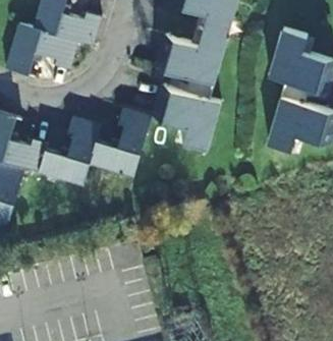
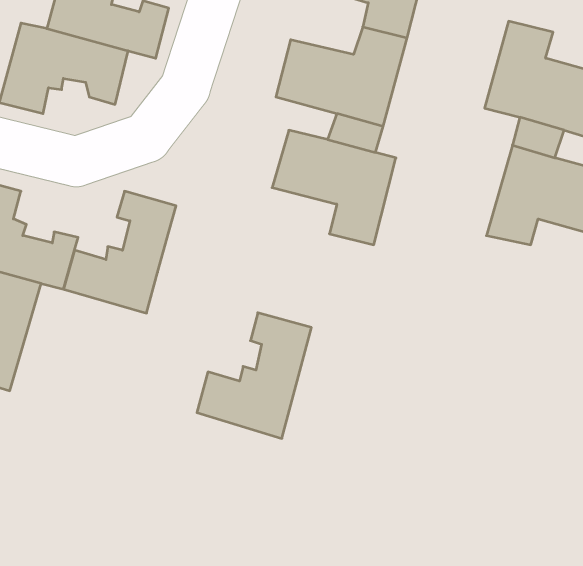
building: [92,108,155,177] -> [197,313,311,438]

